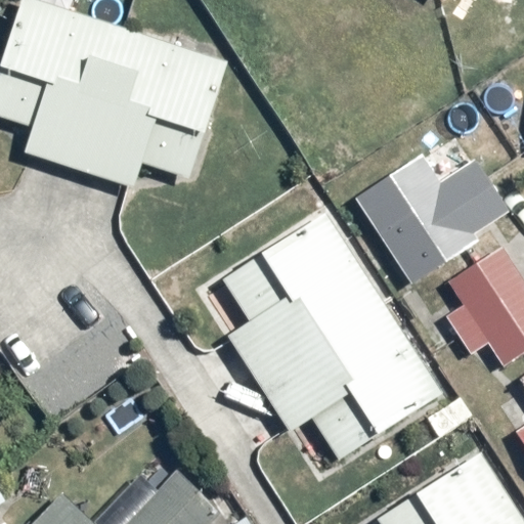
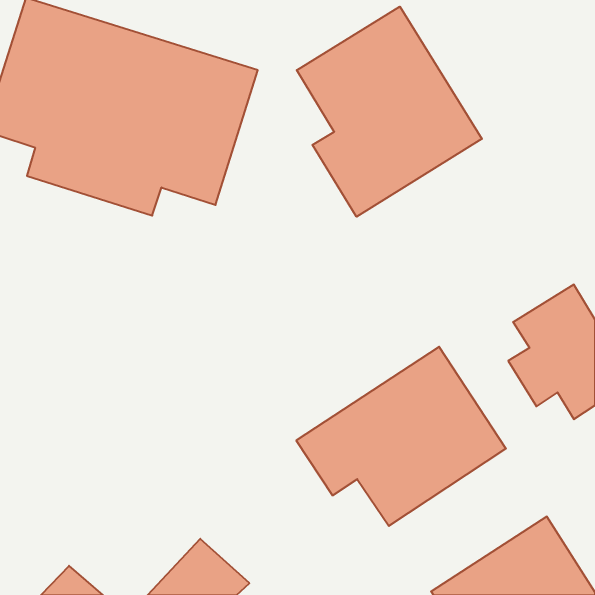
building: none -> [297,7,482,217]
building: [355,155,508,283] -> none
building: [225,214,384,385] -> none

